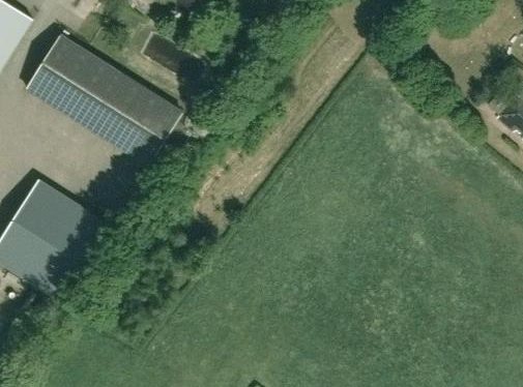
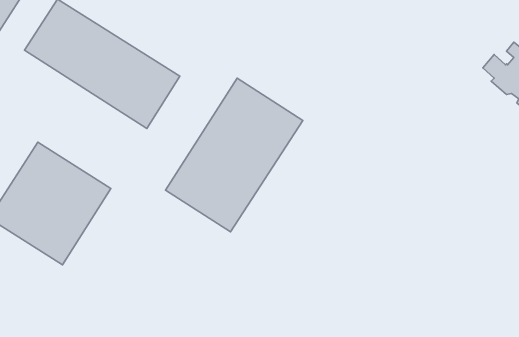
building: none -> [166,78,303,232]

